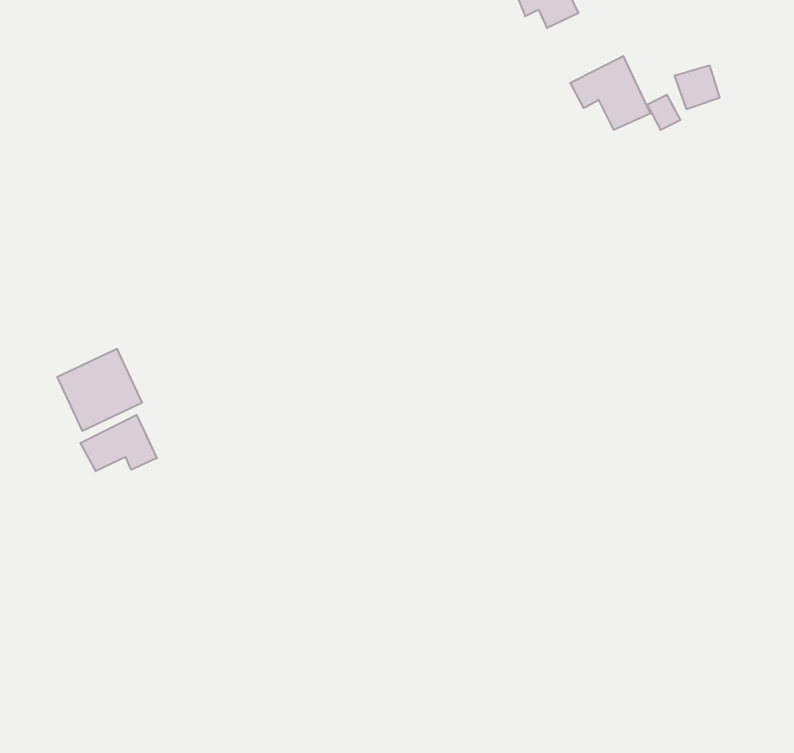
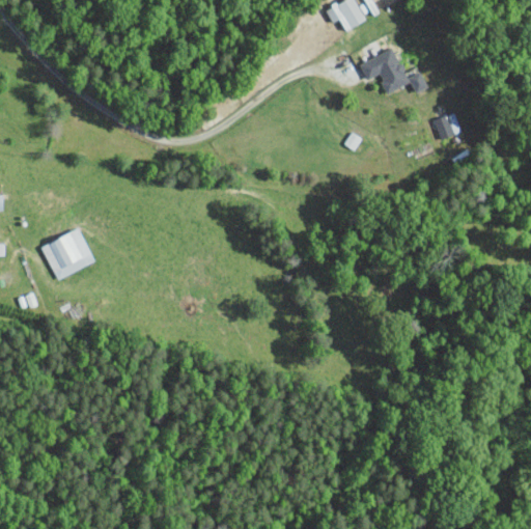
building: [675,66,720,109] -> [434,113,462,140]
building: [81,415,157,471] -> none

